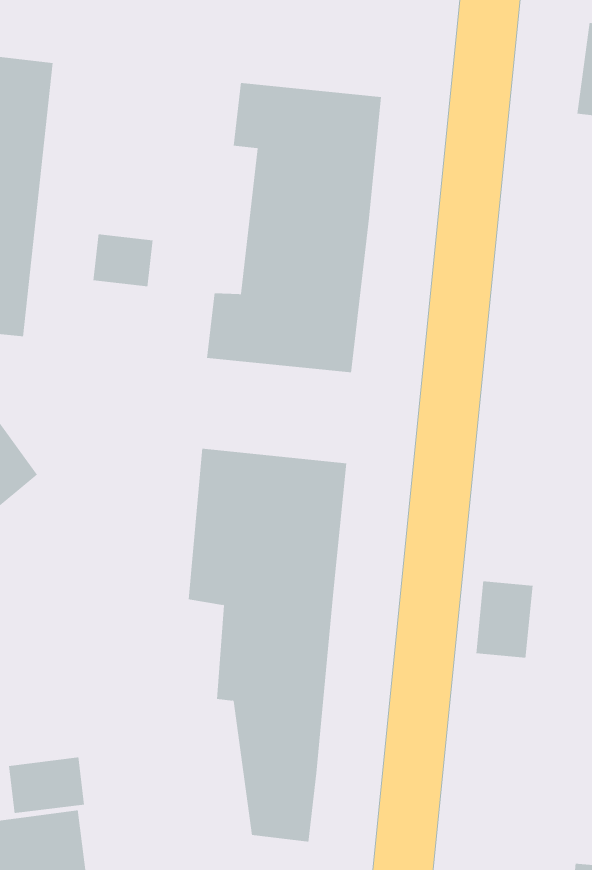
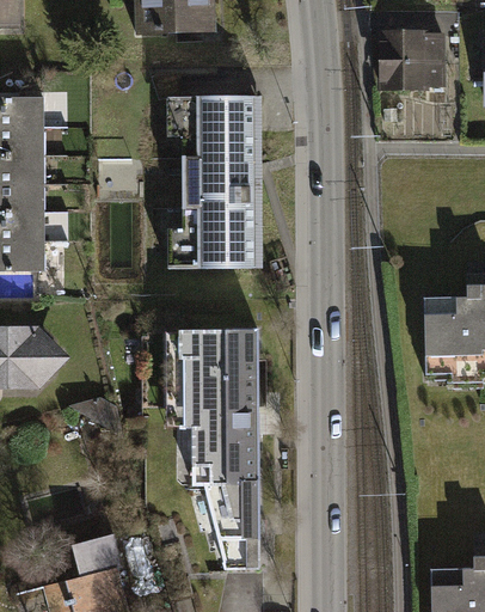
building: [93,233,153,287] -> none
building: [476,581,533,659] -> none

